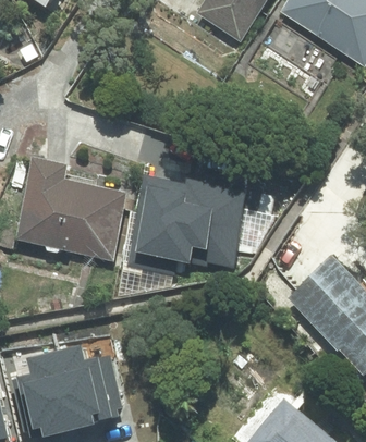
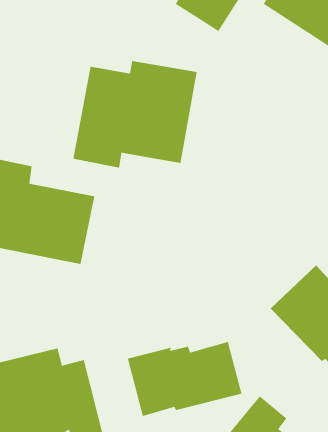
building: [130,172,247,273] -> [72,60,197,168]
building: none -> [127,341,242,417]

